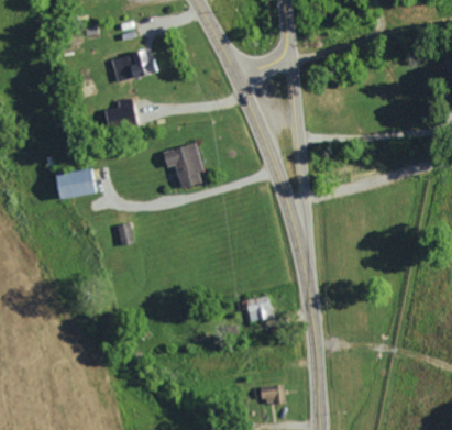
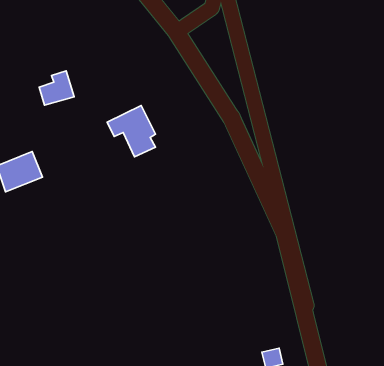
building: [118,49,157,80] -> none
building: [245,296,272,320] -> none

